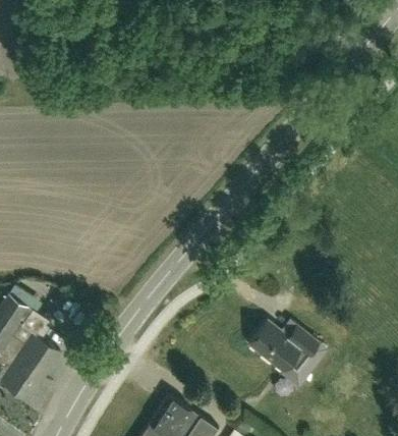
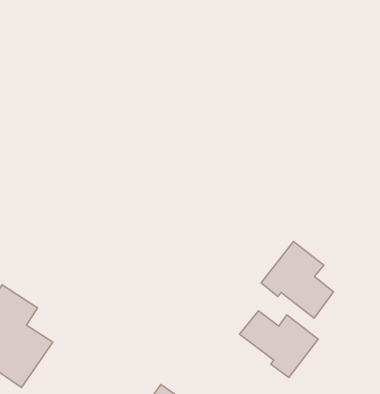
building: none -> [261,242,333,318]

